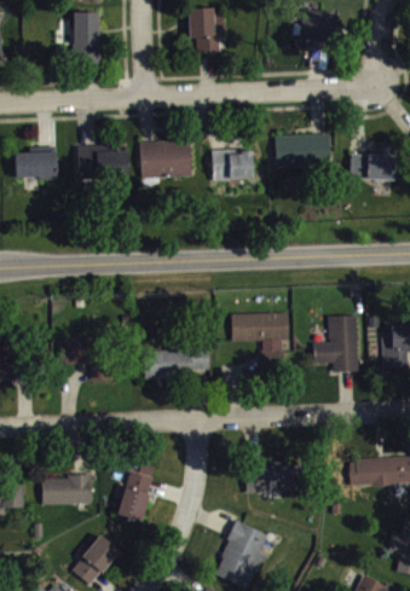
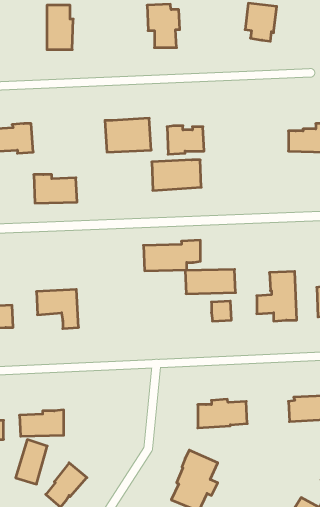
building: [275,133,331,168] -> [152,160,201,190]
building: [77,145,127,178] -> [34,175,77,203]
building: [144,344,209,379] -> [143,240,200,271]
building: [116,470,152,521] -> [16,440,47,484]

